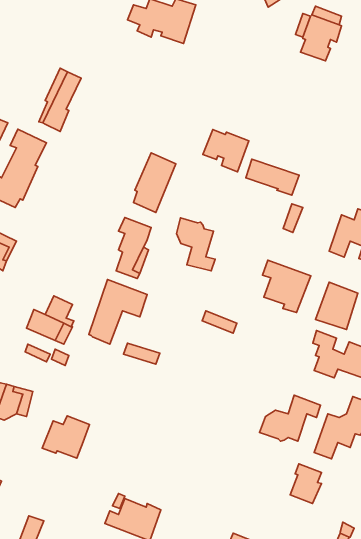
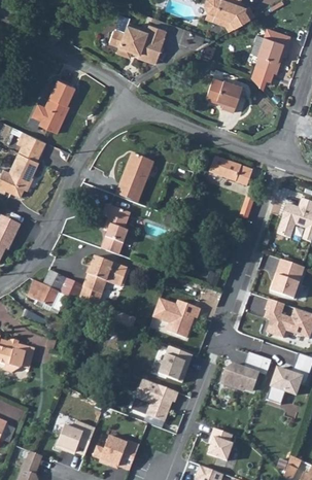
building: [203,130,249,172] -> [203,78,241,113]
building: [177,218,215,271] -> none
building: [262,260,311,312] -> none
building: none -> [151,297,196,337]
building: none -> [160,344,195,382]
building: [42,416,89,458] -> [56,422,95,457]
building: none -> [136,381,178,423]
building: [290,464,321,504] -> [207,428,233,461]

